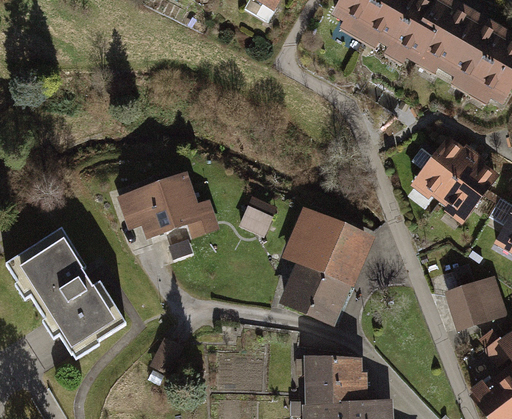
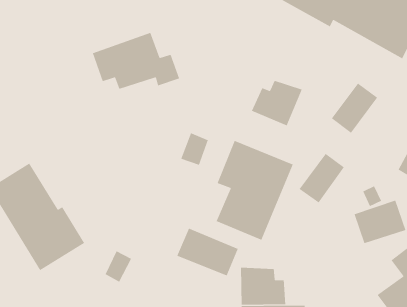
building: none -> [251,80,303,126]
building: [441,155,496,215] -> [299,153,345,203]
building: [114,172,219,241] -> [92,32,180,90]
building: none -> [176,227,239,277]

